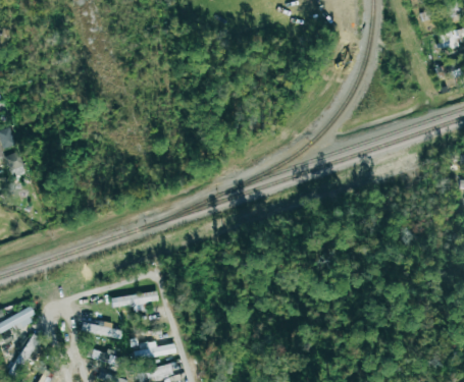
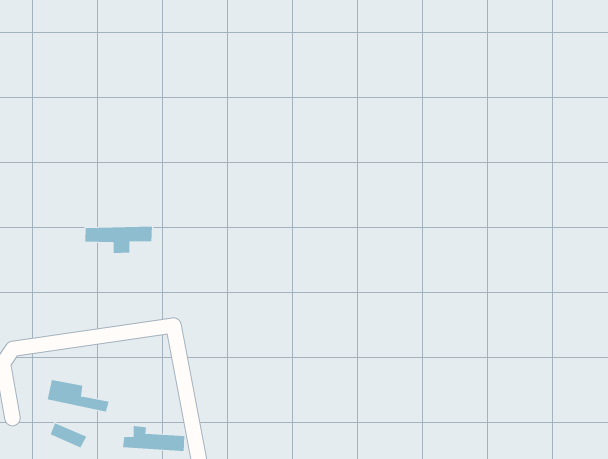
building: [114,290,159,312] -> [84,226,153,254]

